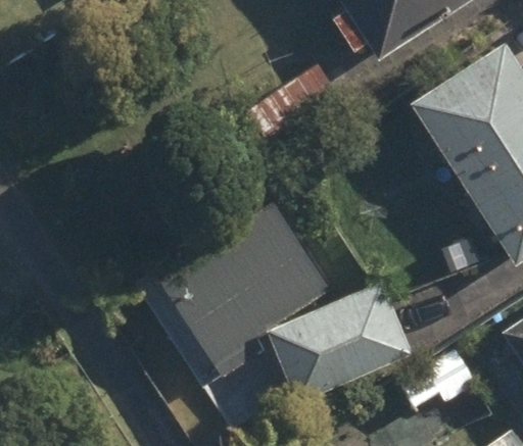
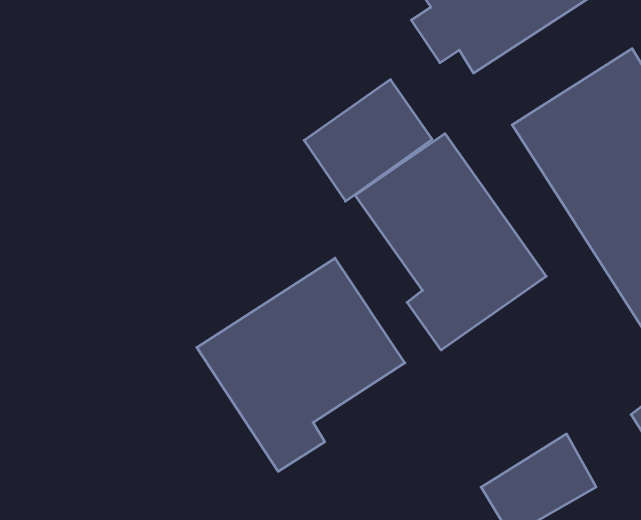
building: none -> [355,134,546,350]
building: [268,282,412,401] -> none

